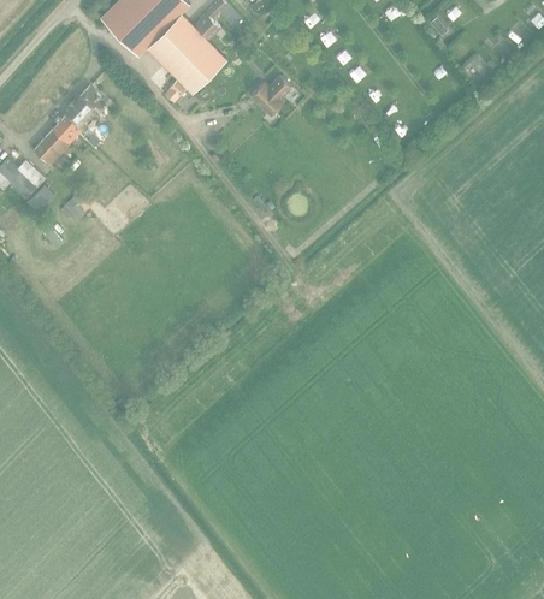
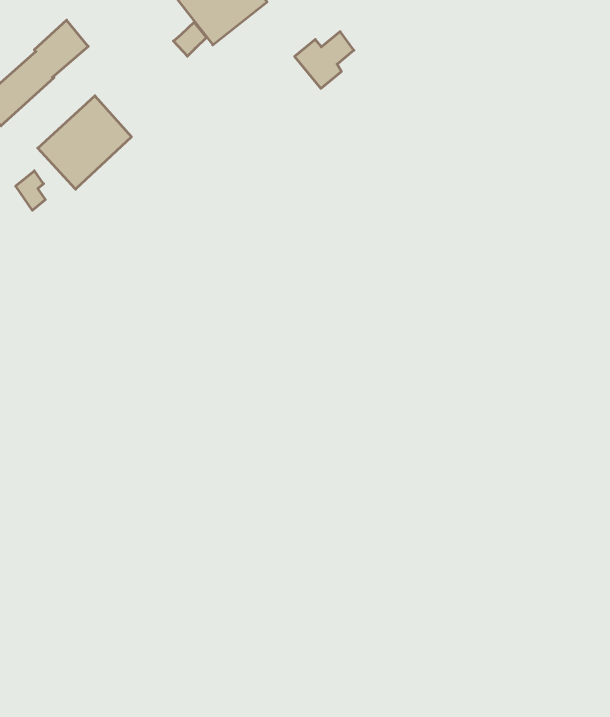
building: none -> [38,96,131,189]

